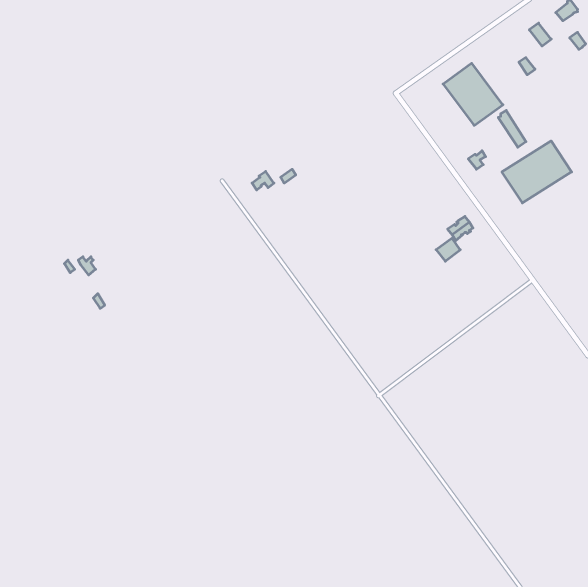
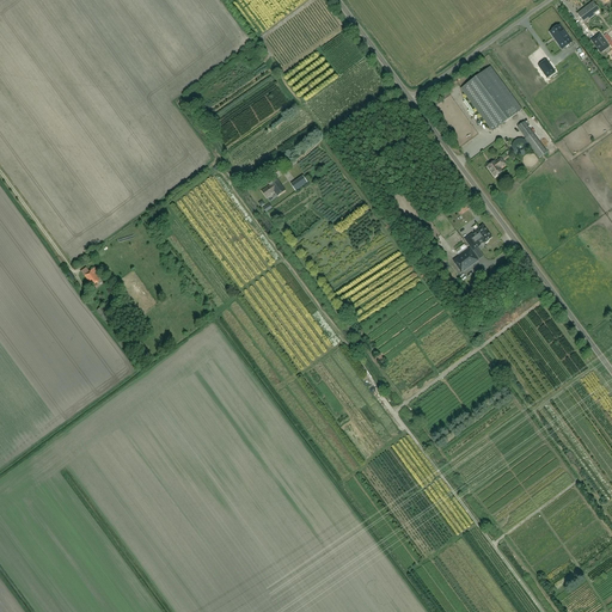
building: [502,141,572,203] -> none

